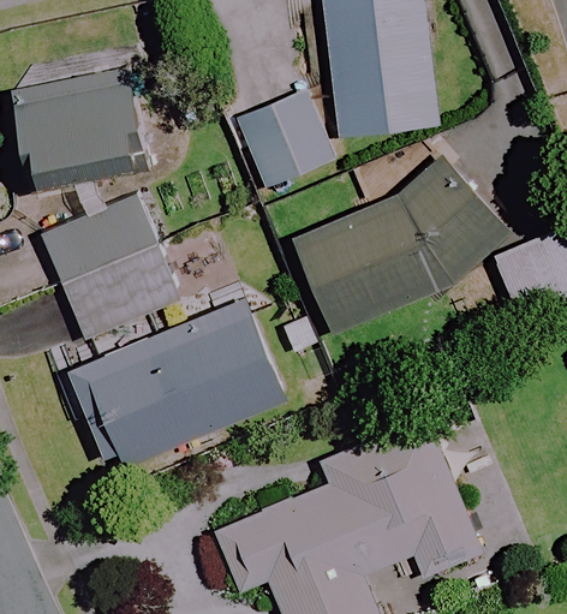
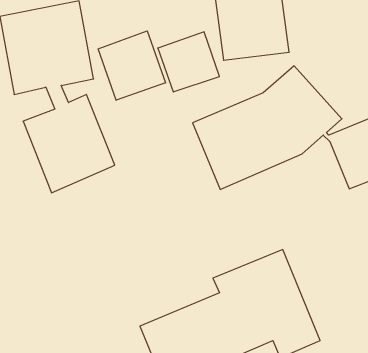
building: none -> [98,31,166,100]
building: [66,303,284,469] -> none

